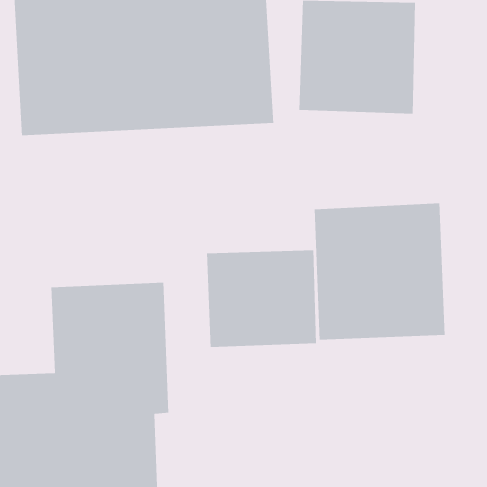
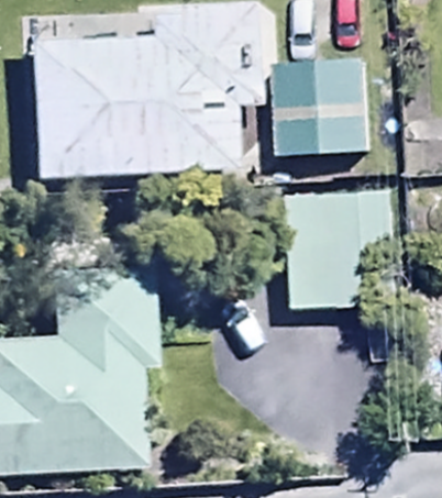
building: [206,250,317,348] -> none

